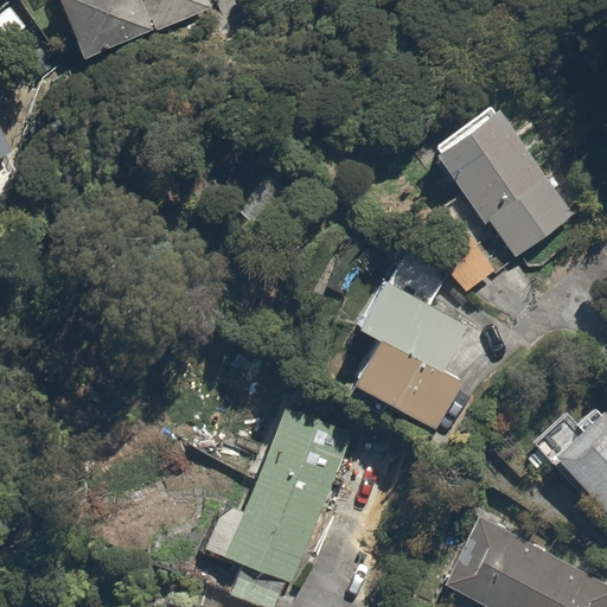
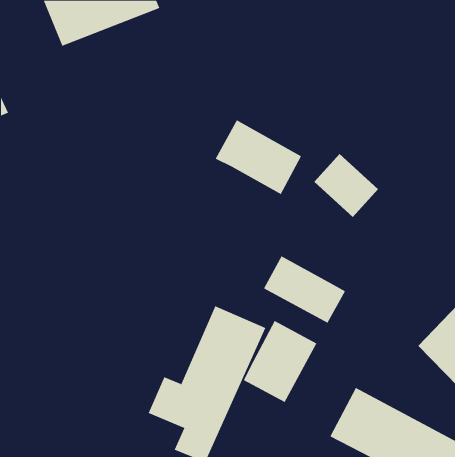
building: [428,97,581,254] -> none
building: [354,276,469,376] -> [215,119,302,195]
building: none -> [243,320,317,403]

